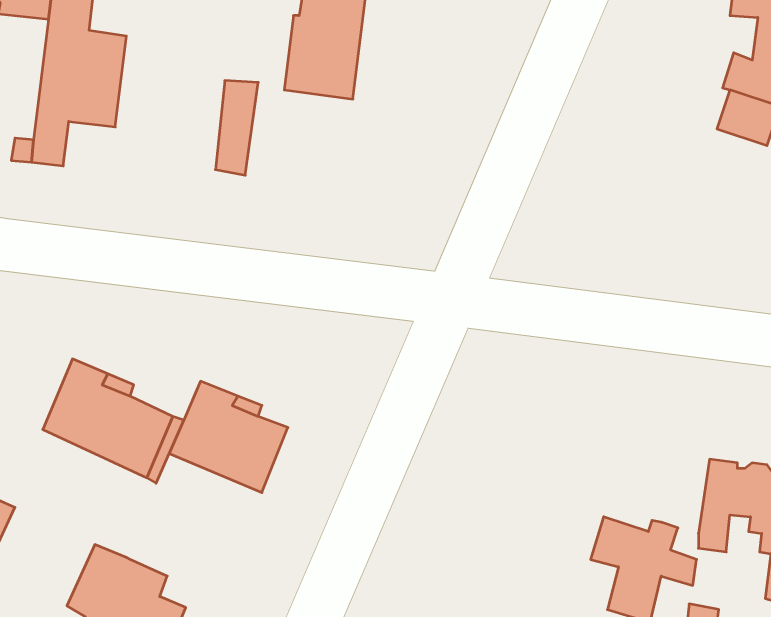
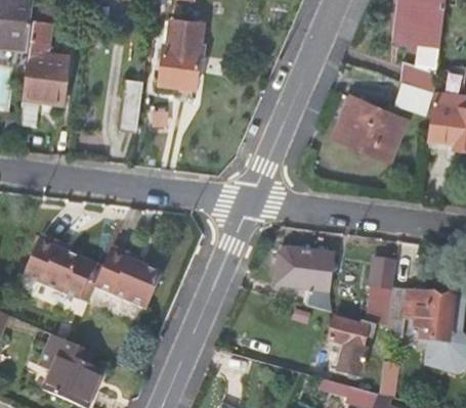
building: none -> [334,99,405,161]
building: none -> [273,248,333,312]
building: none -> [366,259,395,328]

